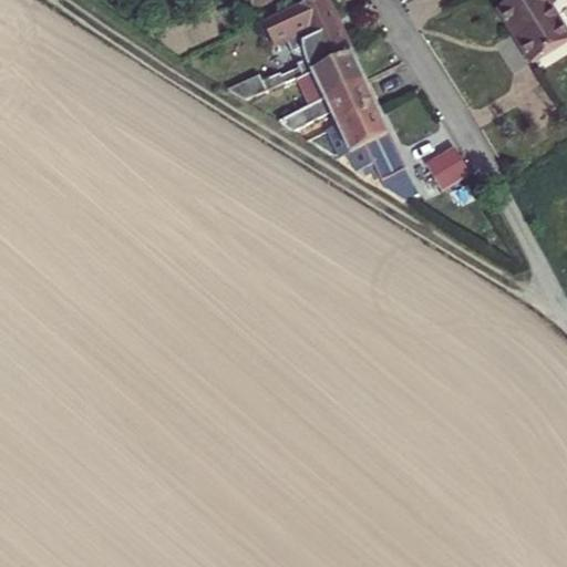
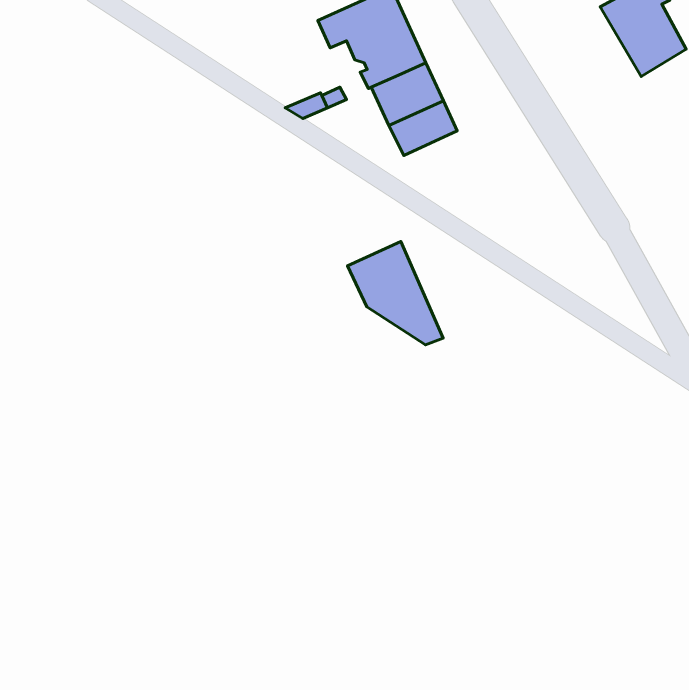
building: [334,106,412,190] -> [348,241,443,345]
building: [429,146,474,187] -> none

